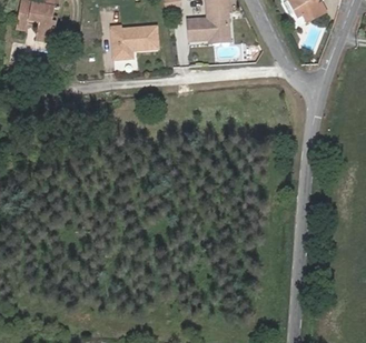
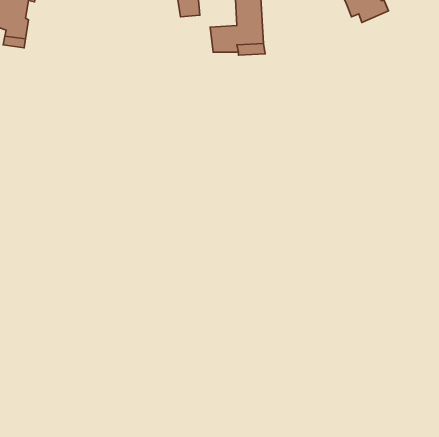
building: [111,31,156,63] -> none

